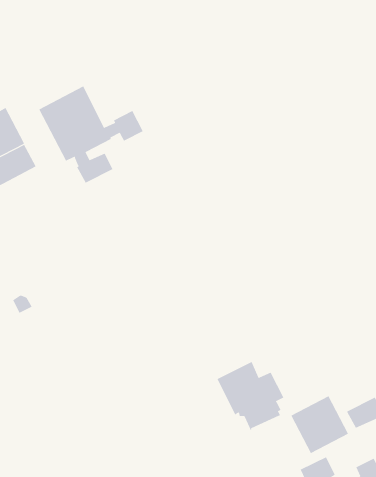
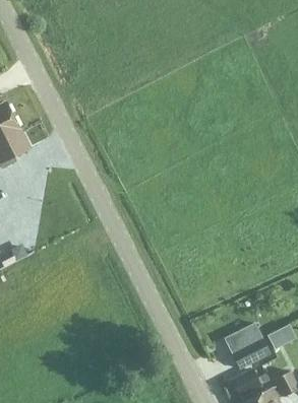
building: [38,85,143,184] -> none
building: [217,361,284,431] -> none

